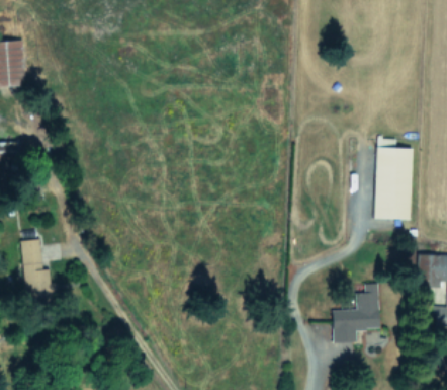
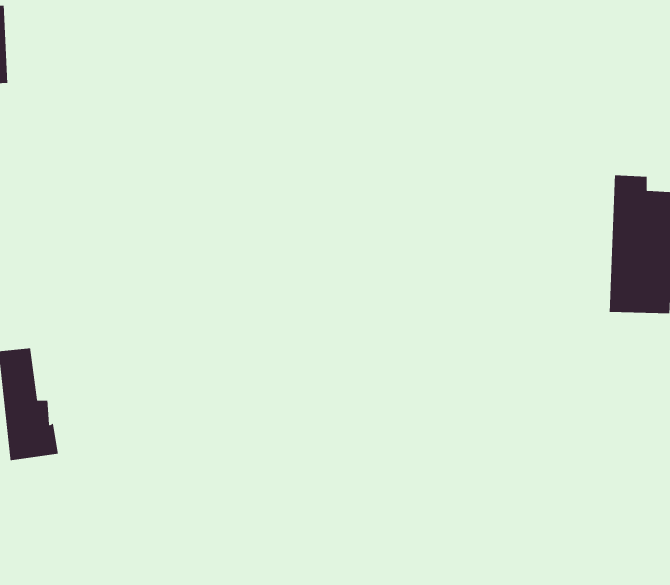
building: [333,283,380,342] -> none

